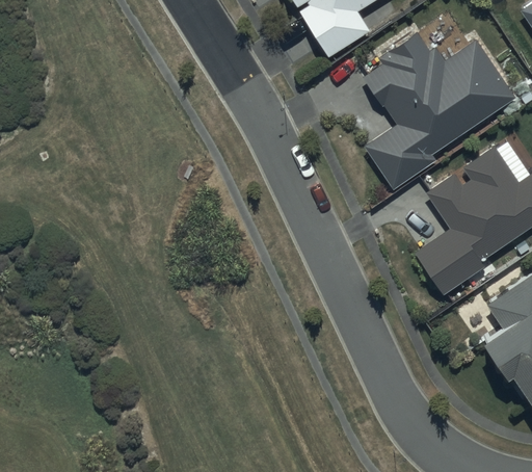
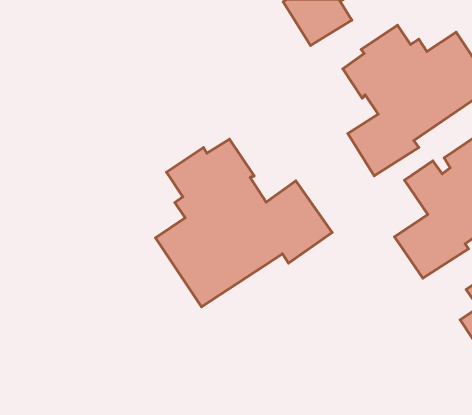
building: none -> [156,139,332,307]

